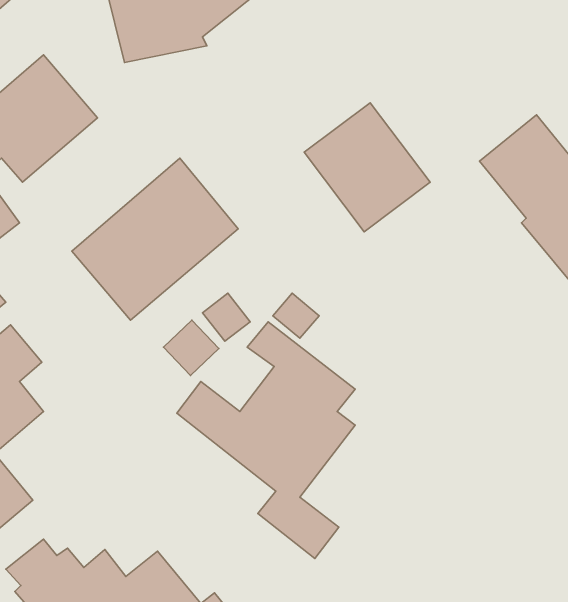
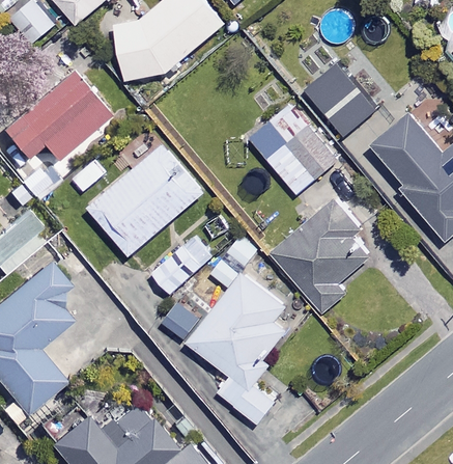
building: none -> [307,63,376,136]
building: none -> [264,191,388,313]

